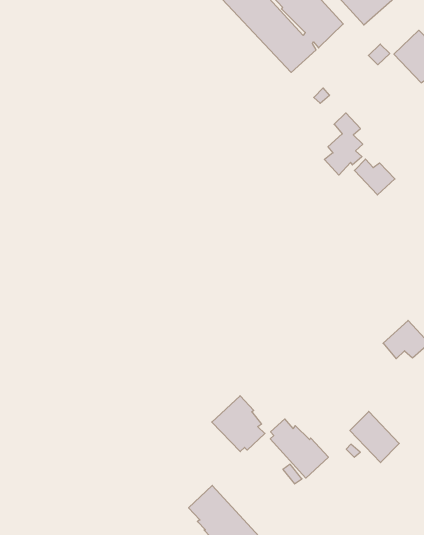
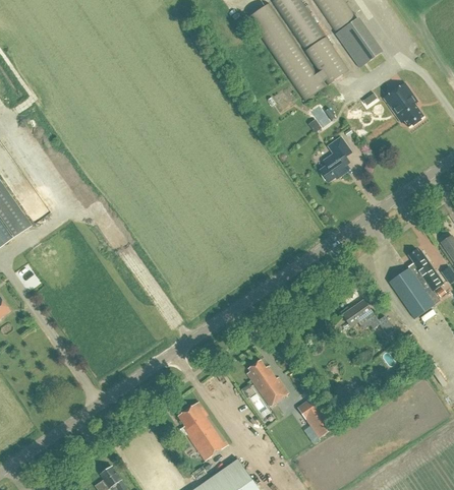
building: [354,159,395,195] -> none
building: [212,396,265,452] -> none
building: [350,411,399,463] -> [299,397,335,437]

